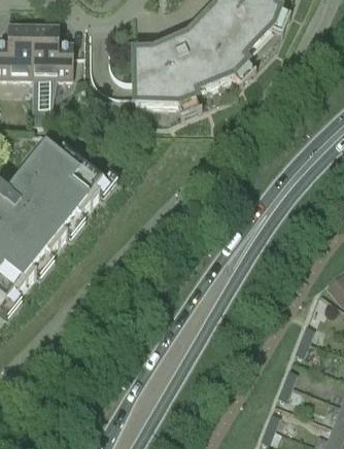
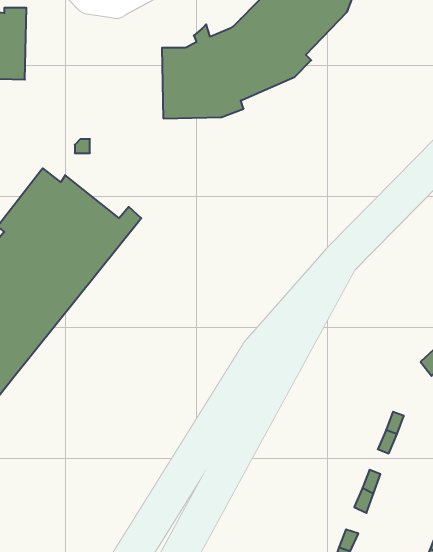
building: [31,23,71,124] -> none

